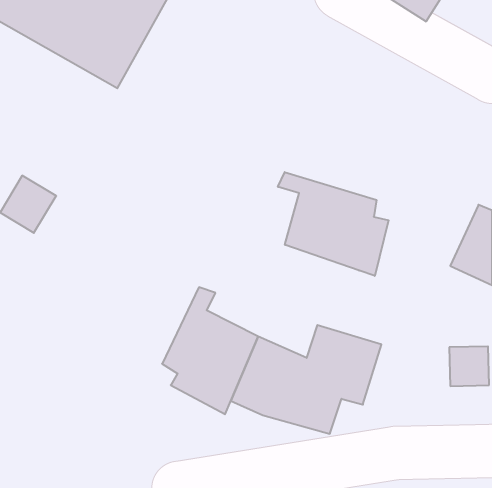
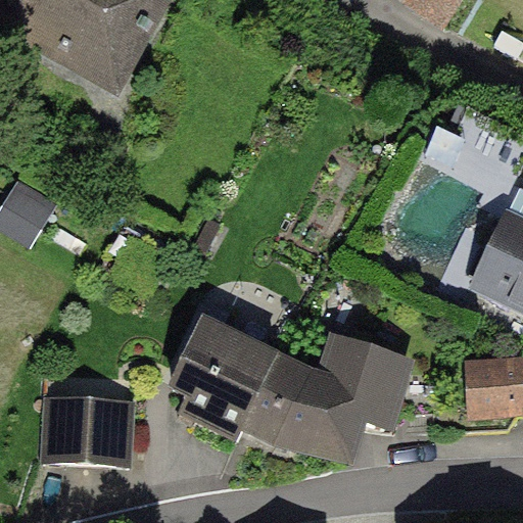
building: [278,172,389,276] -> none
building: none -> [39,393,130,462]

